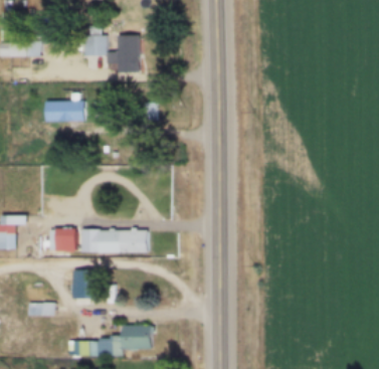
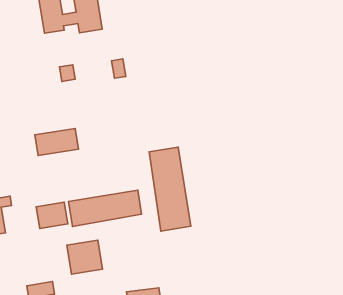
building: [46,102,85,122] -> [35,128,78,156]
building: none -> [149,147,191,231]

